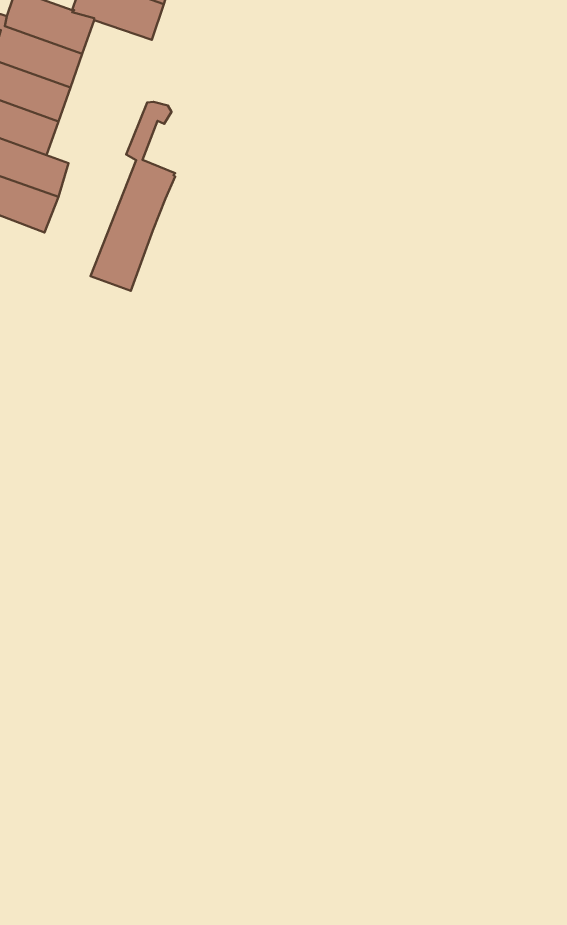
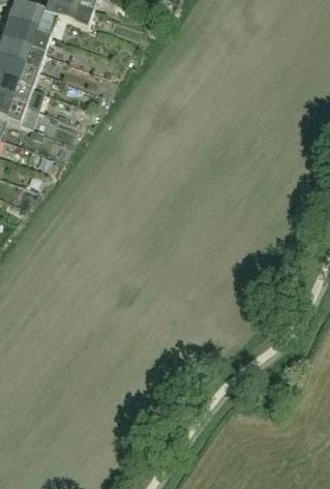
building: [90,102,175,291] -> none

